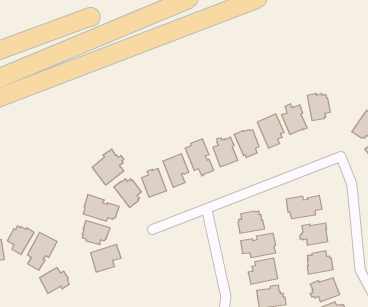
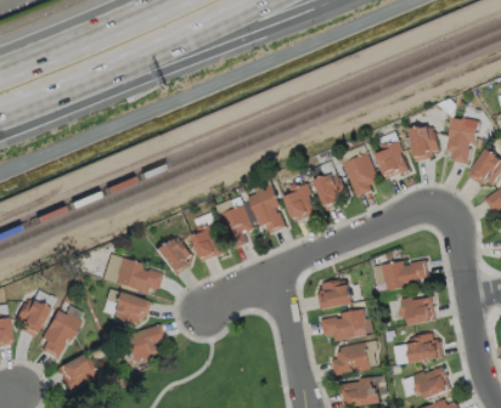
building: none -> [445,118,479,165]
building: [92,149,124,185] -> none

